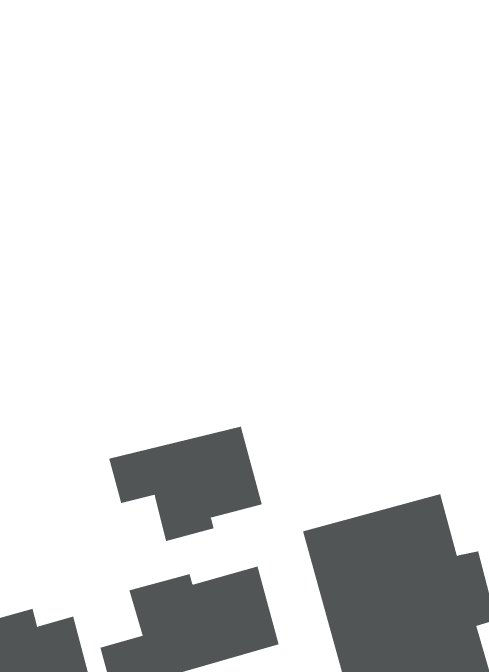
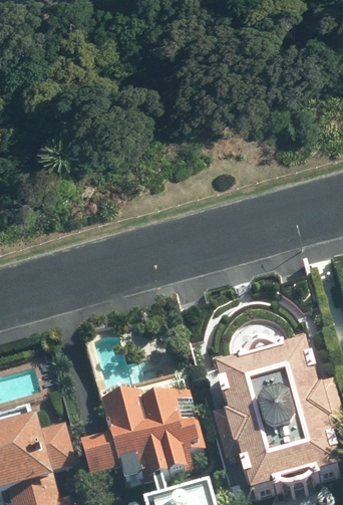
building: [109,426,262,542] -> none

